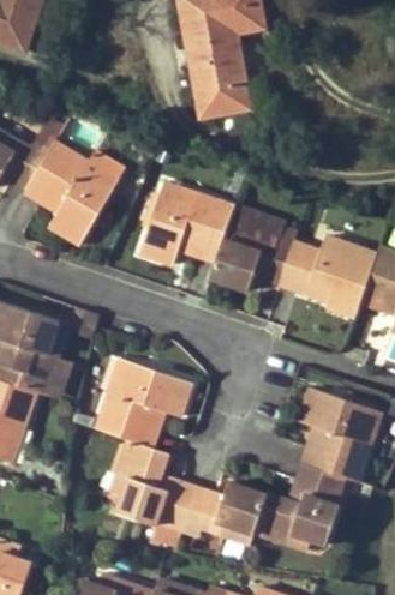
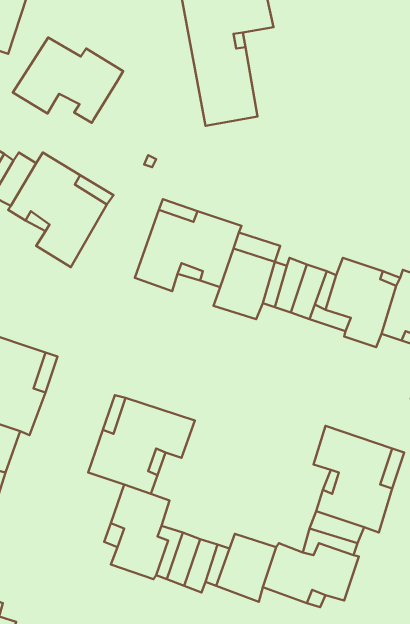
building: none -> [13,37,123,123]

